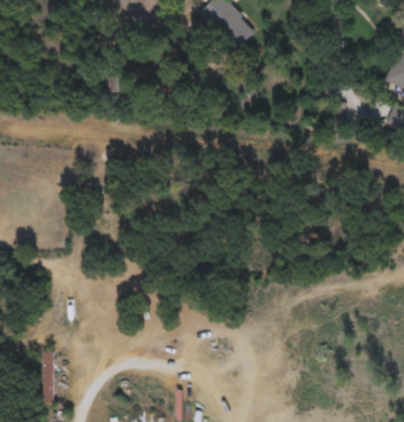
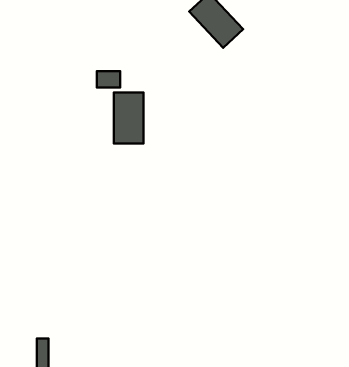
building: none -> [114,92,144,144]

